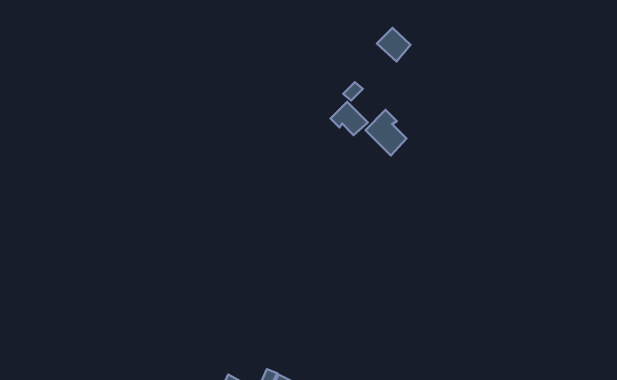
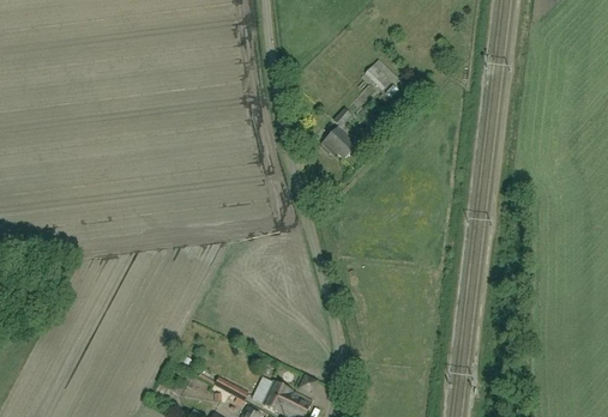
building: [365,110,406,156] -> none

